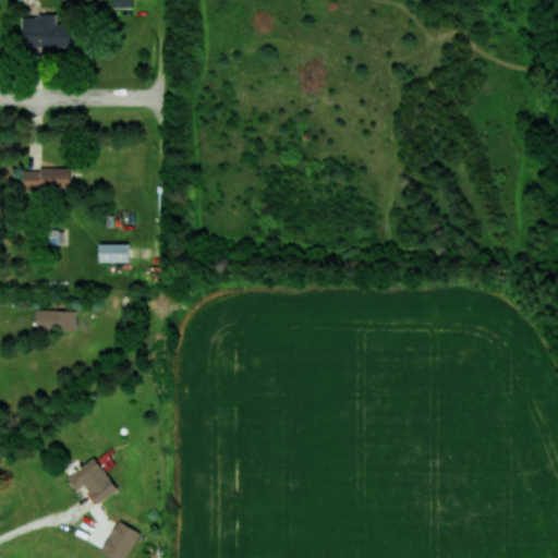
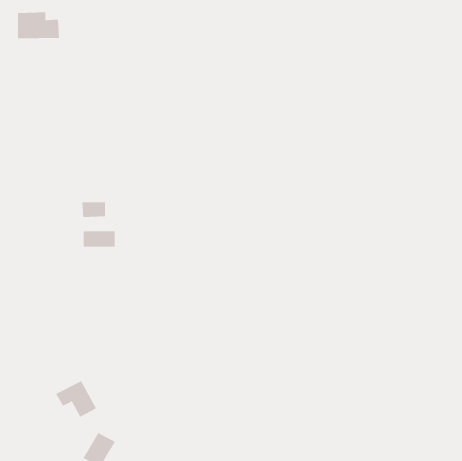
building: [23,169,71,192] -> none
building: [36,312,75,331] -> [83,231,115,247]

